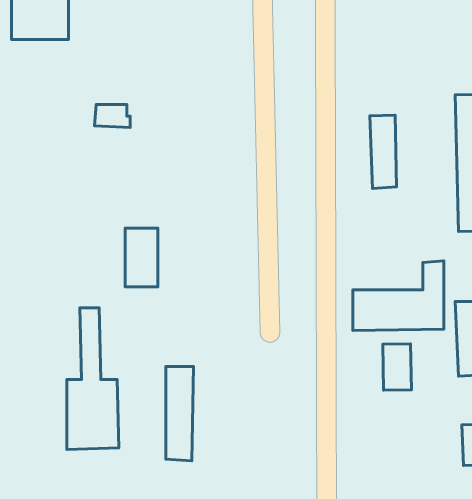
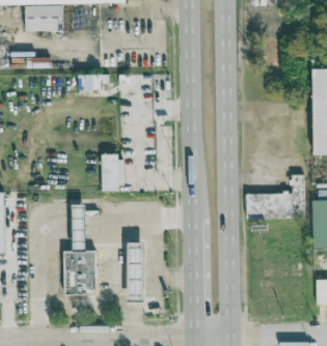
building: [370,115,396,188] -> none
building: [383,344,411,390] -> none

